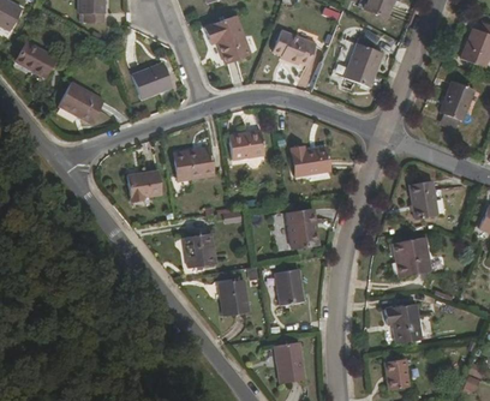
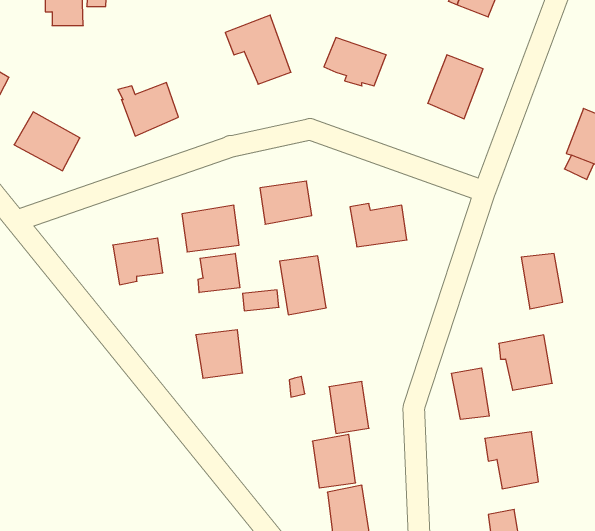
building: none -> [198,253,240,293]
building: [287,208,319,249] -> [280,256,326,315]
building: none -> [452,368,489,419]
building: [219,279,249,316] -> [312,434,356,488]

